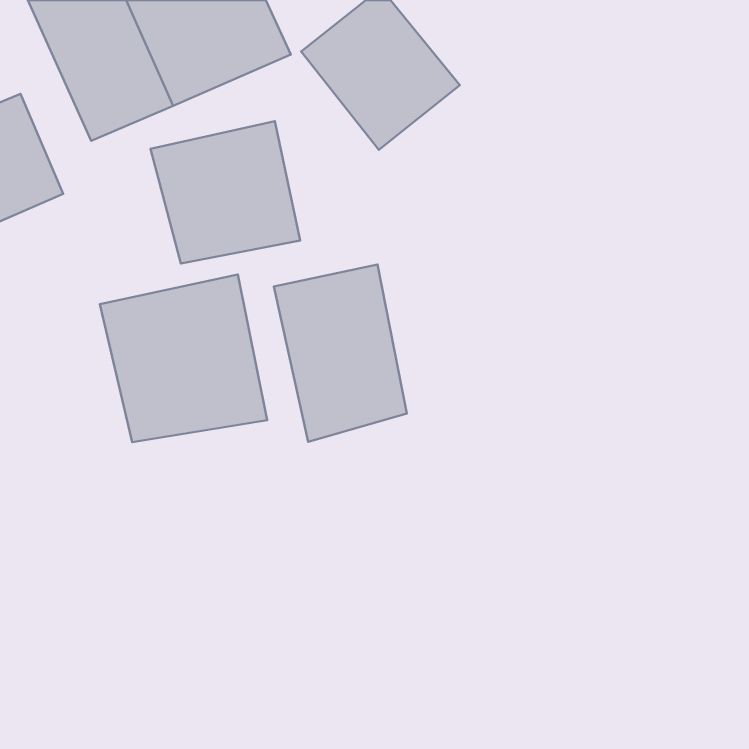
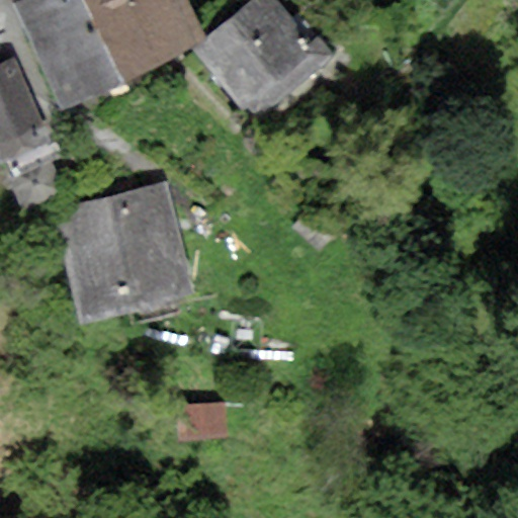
building: [151,121,300,263] -> none
building: [274,264,407,442] -> none

